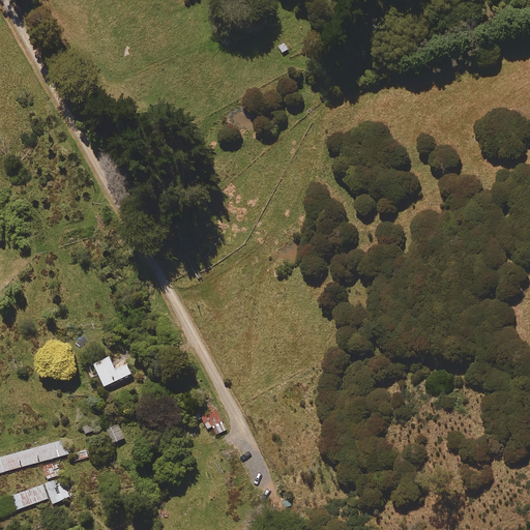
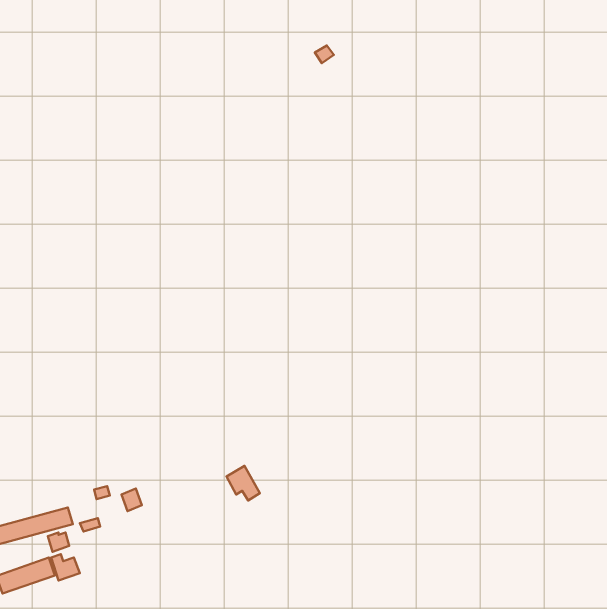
building: [92,356,130,386] -> none

